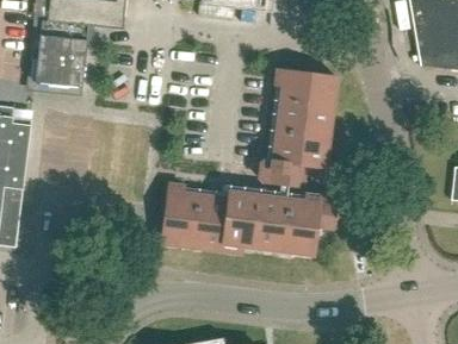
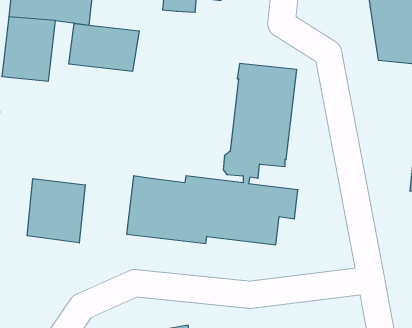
building: none -> [69,23,139,71]
building: none -> [27,179,85,243]

